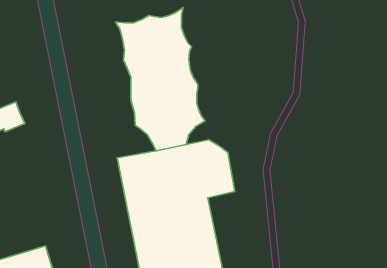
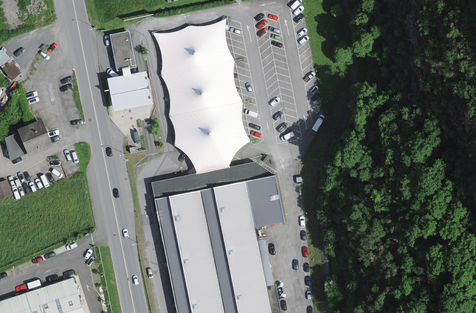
building: none -> [109,32,151,110]

